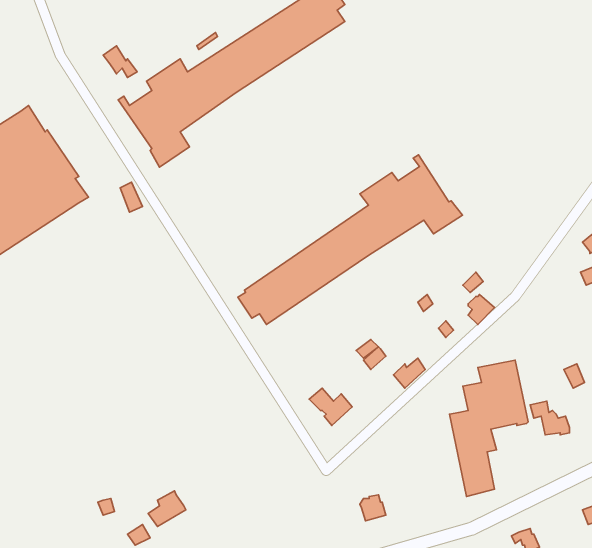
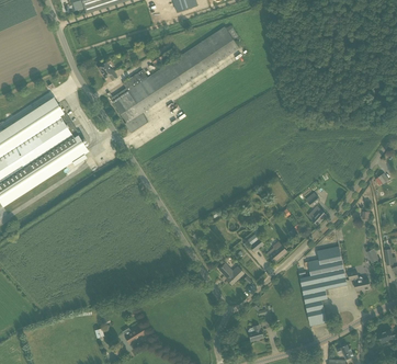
building: [238,155,463,324] -> none

